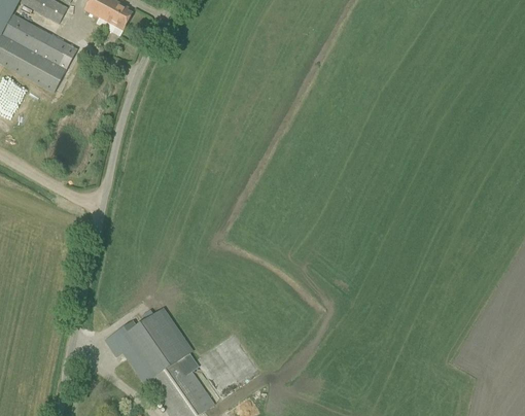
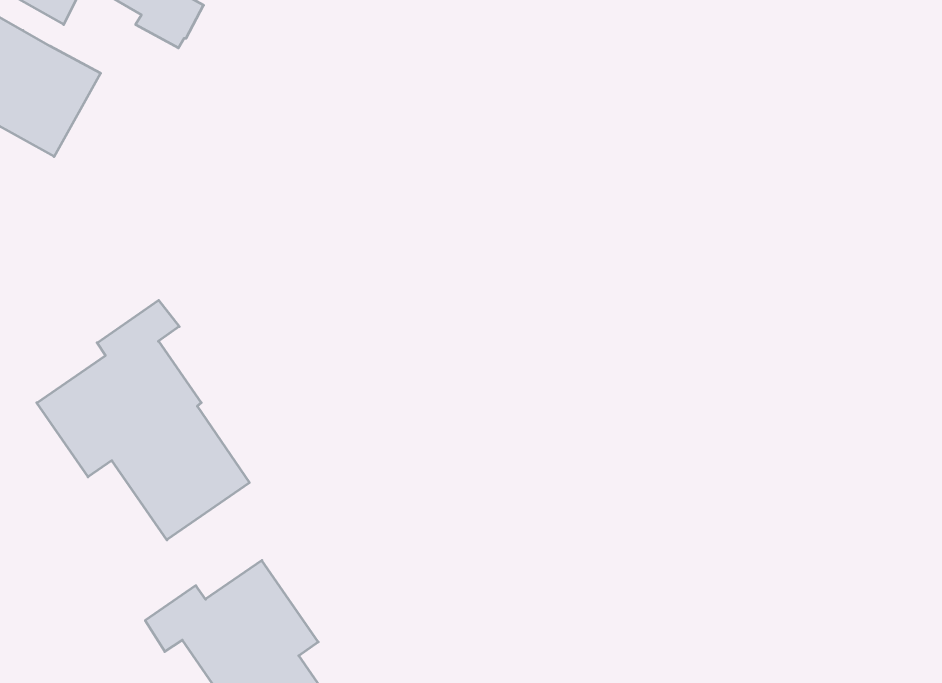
building: none -> [37,300,249,540]

